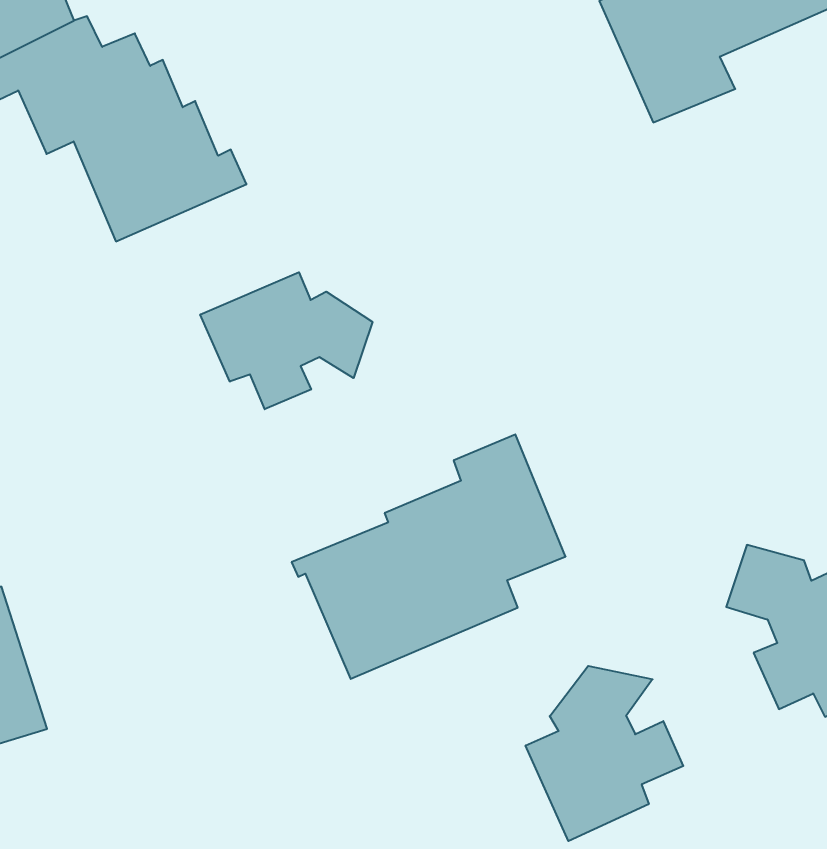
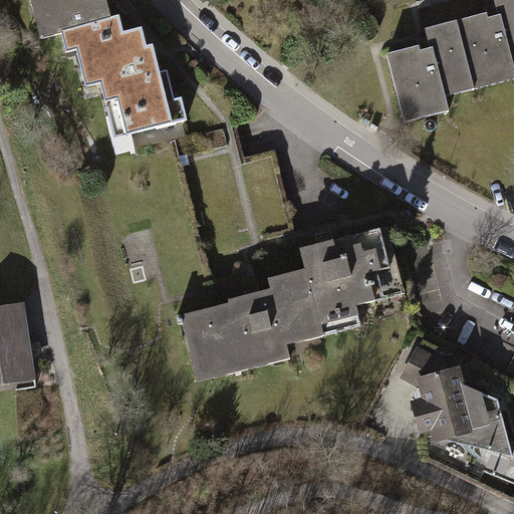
building: [200,272,372,409] -> none
building: none -> [297,226,402,336]
building: [526,666,683,841] -> none

